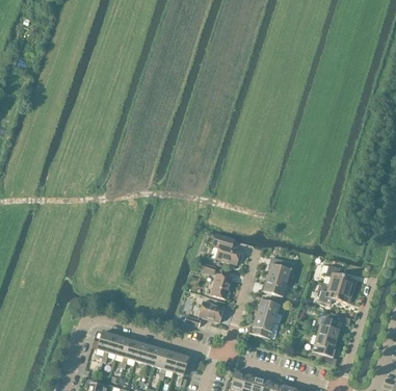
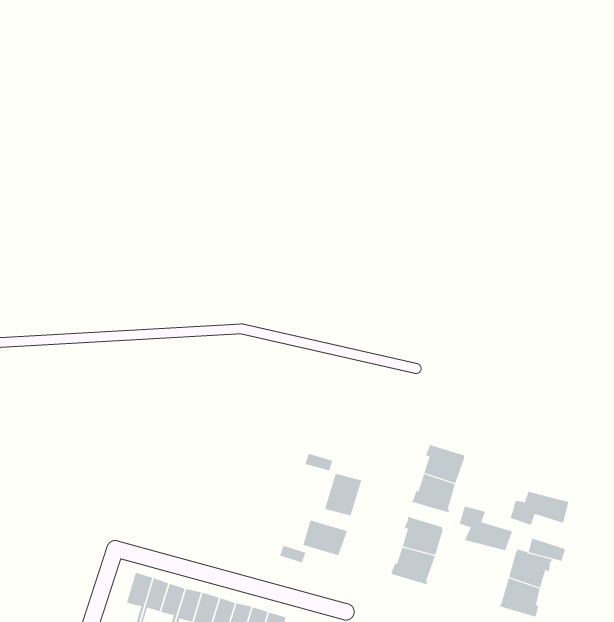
building: [213,234,241,264] -> none
building: [325,264,357,290] -> [459,506,513,551]

